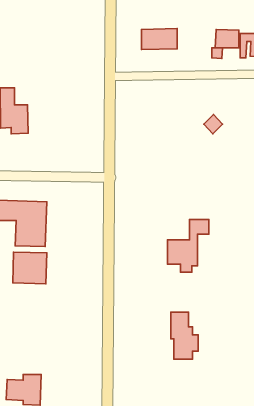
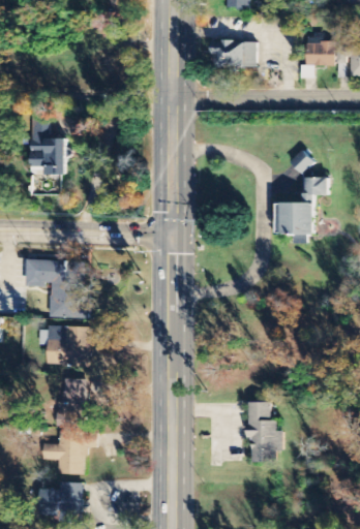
building: [168,220,209,272] -> [275,177,328,244]
building: none -> [60,377,84,426]
building: none -> [43,430,97,474]

